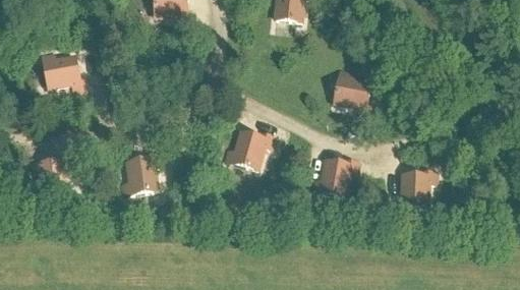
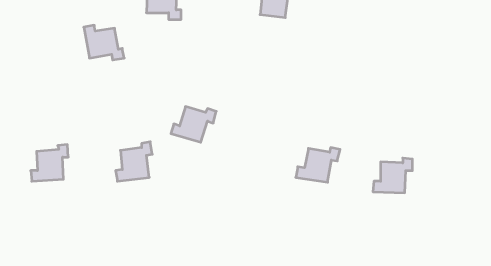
building: [43,52,85,89] -> [84,25,124,60]
building: [334,68,371,115] -> none
building: [226,130,274,168] -> [171,107,216,142]

